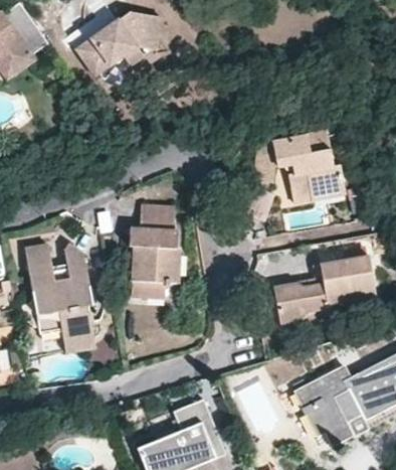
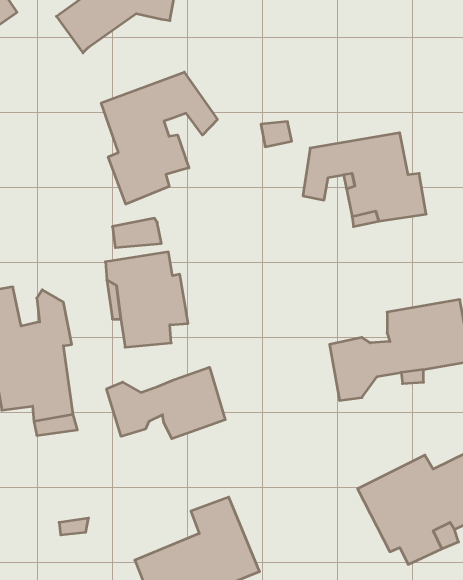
building: none -> [101,72,217,204]
building: none -> [107,367,225,439]

